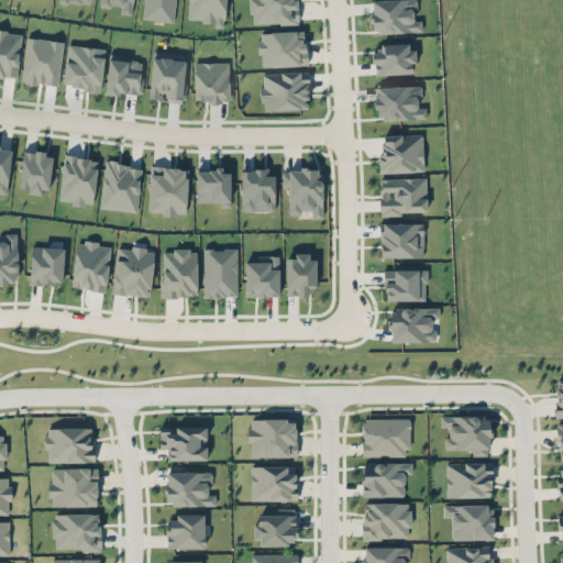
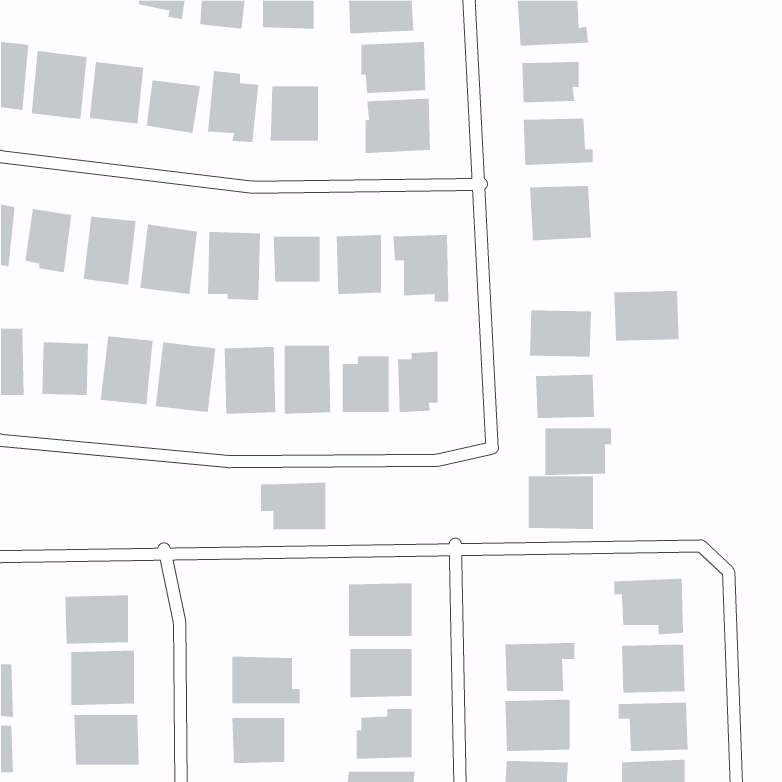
building: [380,178,428,214] -> [614,291,679,341]
building: [363,419,410,457] -> [528,476,594,530]
building: [161,427,208,461] -> [260,482,326,530]

